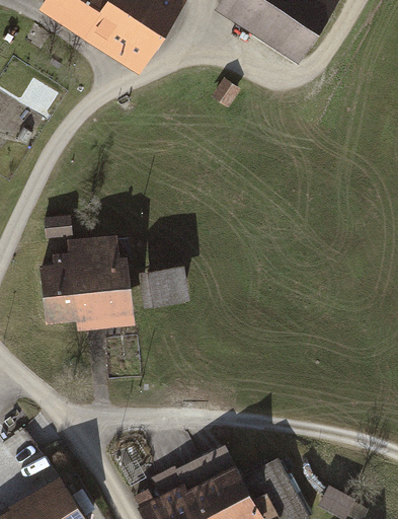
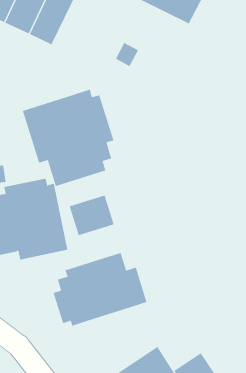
building: none -> [22,89,114,187]
building: none -> [53,252,147,326]

